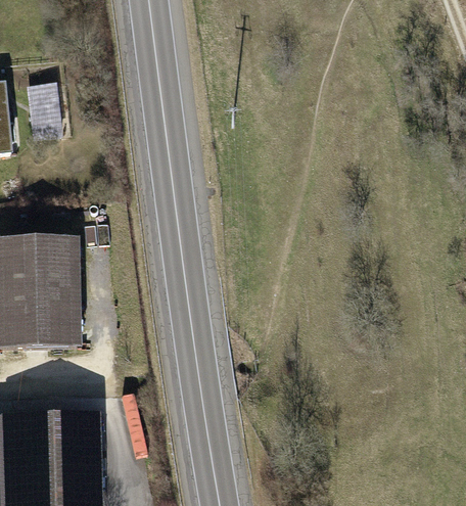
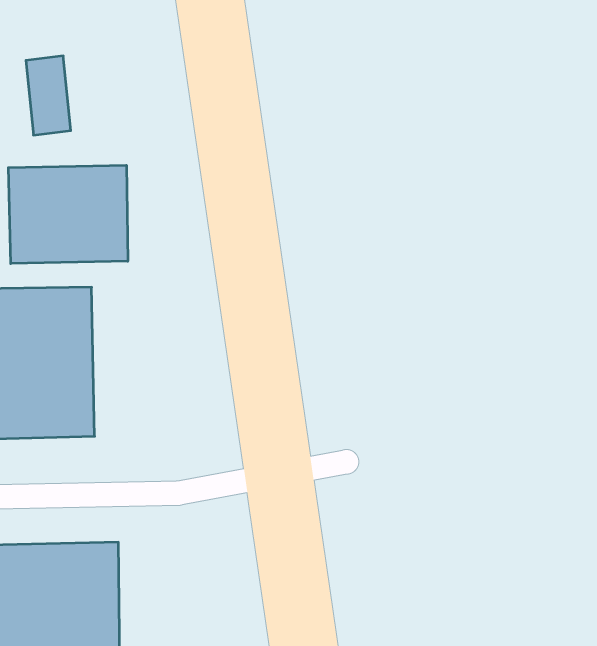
building: none -> [8,165,128,264]

